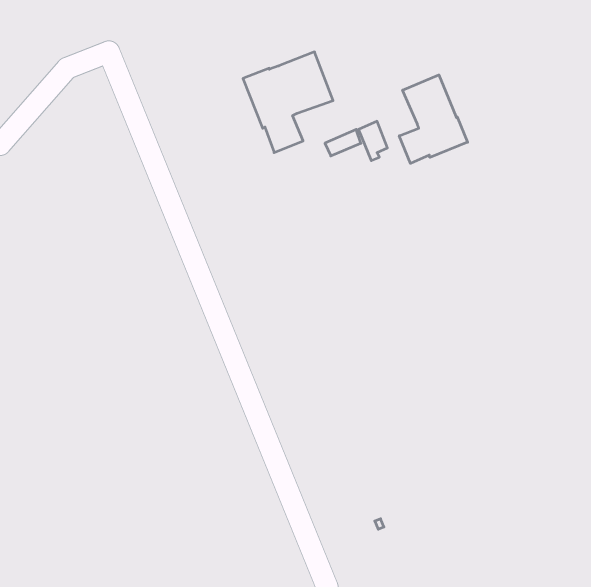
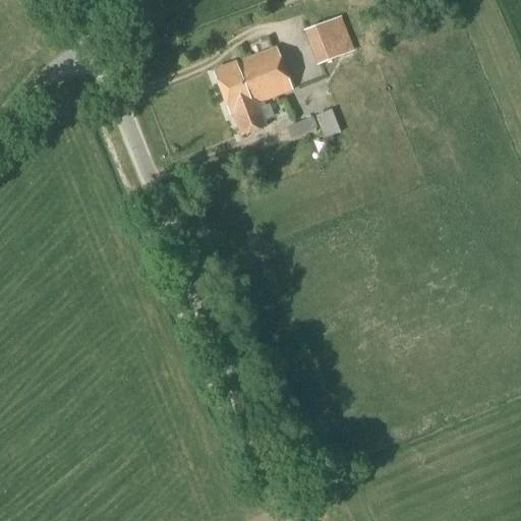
building: none -> [306,15,354,64]
building: [399,75,468,163] -> none

